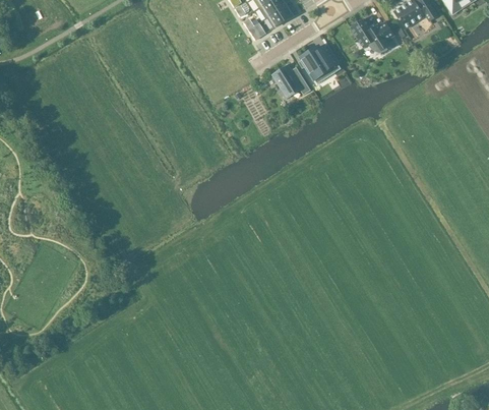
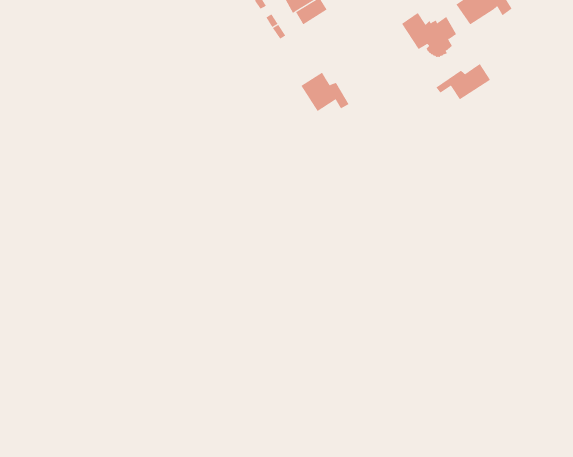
building: [297,46,340,83] -> none
building: none -> [436,63,491,100]

